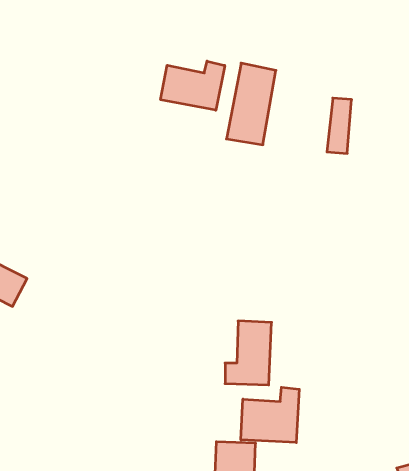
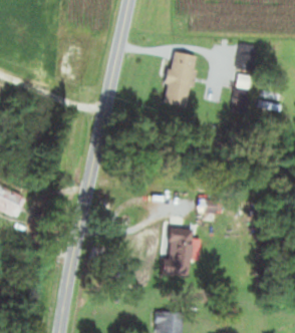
building: [161,61,225,110] -> none
building: [241,387,299,443] -> none

